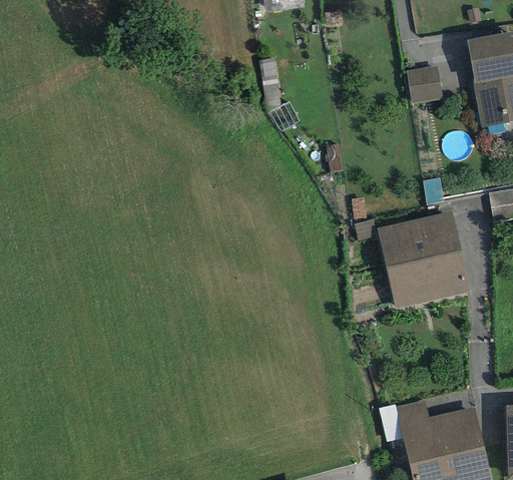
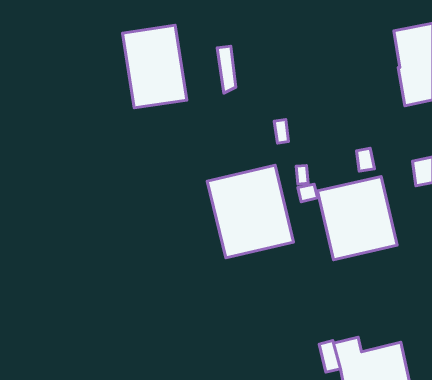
building: none -> [123,25,187,108]
building: [407,65,442,103] -> none
building: none -> [207,165,294,258]

